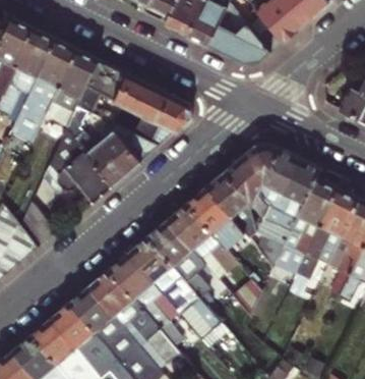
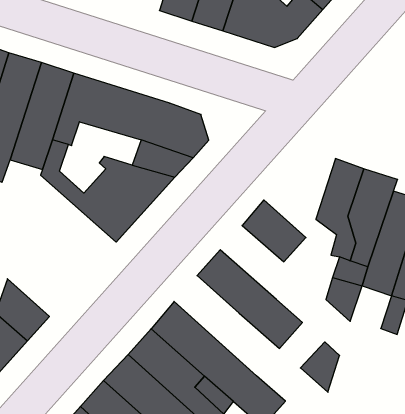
building: [39,132,111,206] -> none
building: [222,147,278,207] -> none
building: [185,190,239,247] -> none
building: [146,221,209,300] -> none

